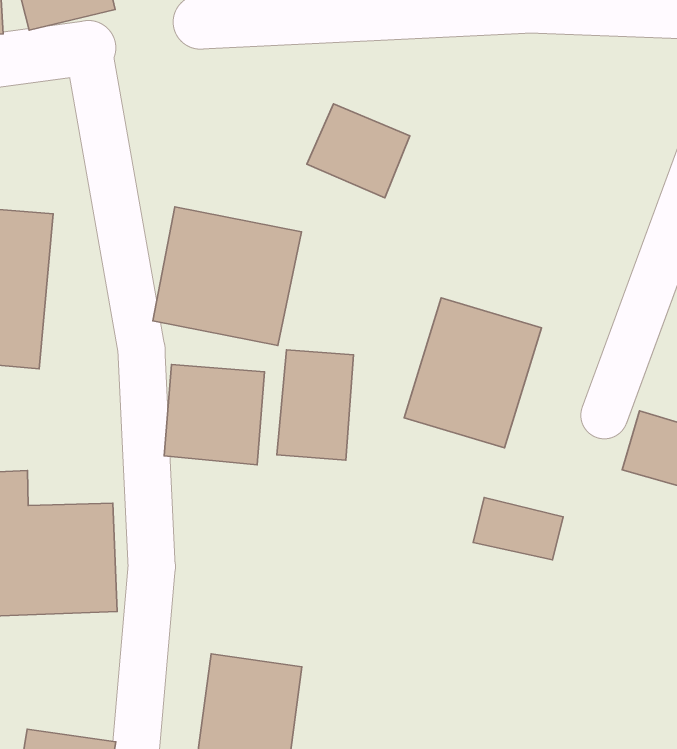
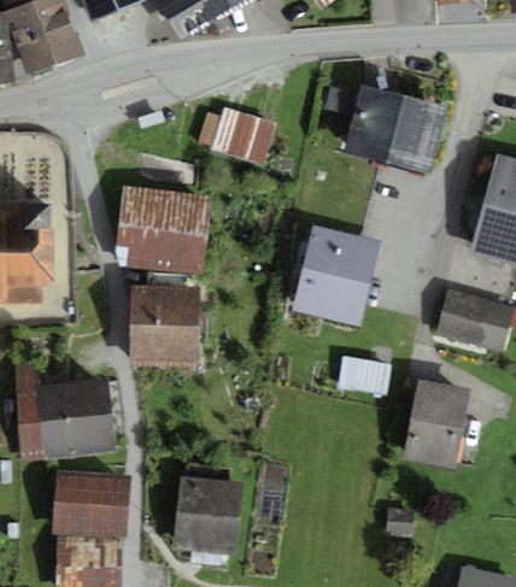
building: none -> [342,87,442,172]
building: [277,350,353,460] -> none
building: none -> [404,385,470,468]
building: none -> [49,469,127,527]

